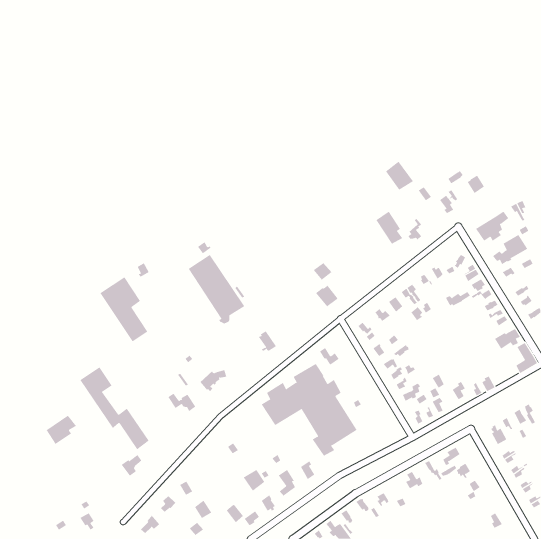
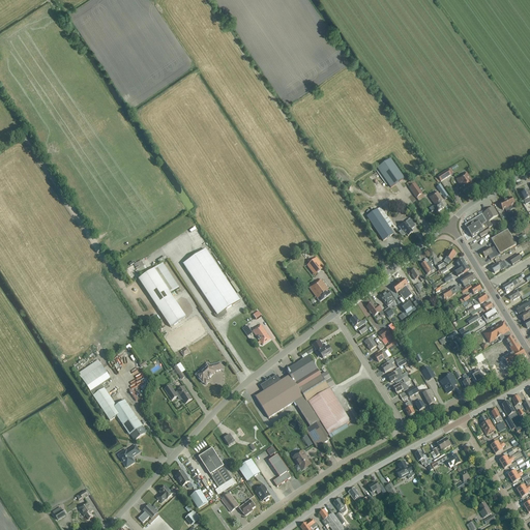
building: [99,276,148,342] -> [138,262,185,326]
building: [46,415,77,445] -> none
building: none -> [198,447,231,485]

